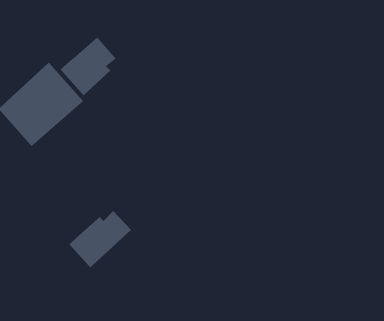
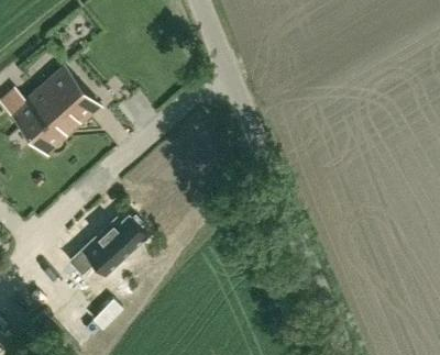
building: [60,37,116,96] -> none

